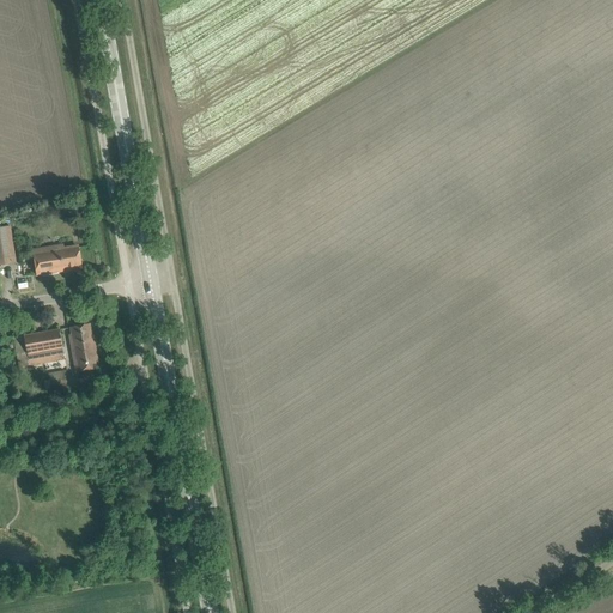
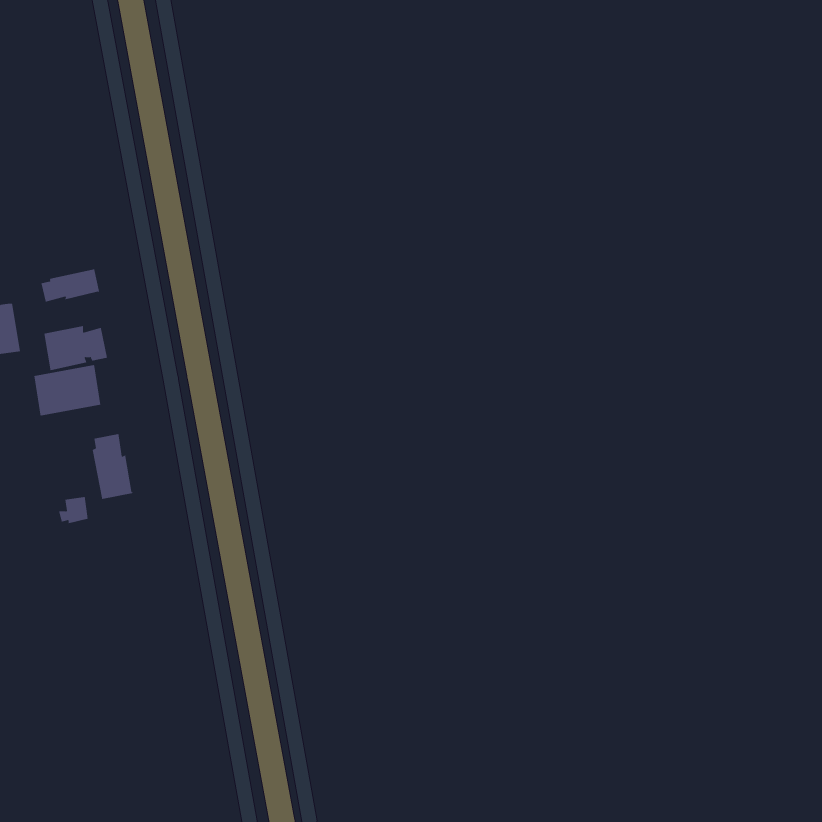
building: none -> [41,268,100,302]
building: [13,328,63,366] -> [33,365,101,416]

